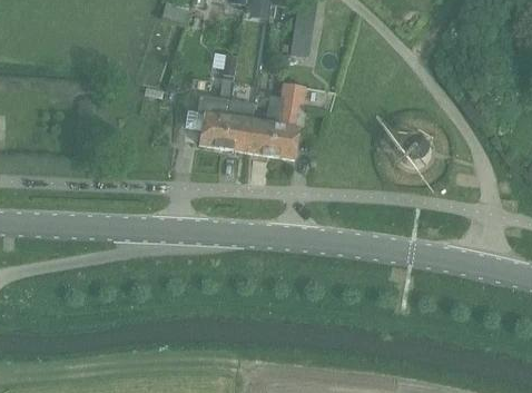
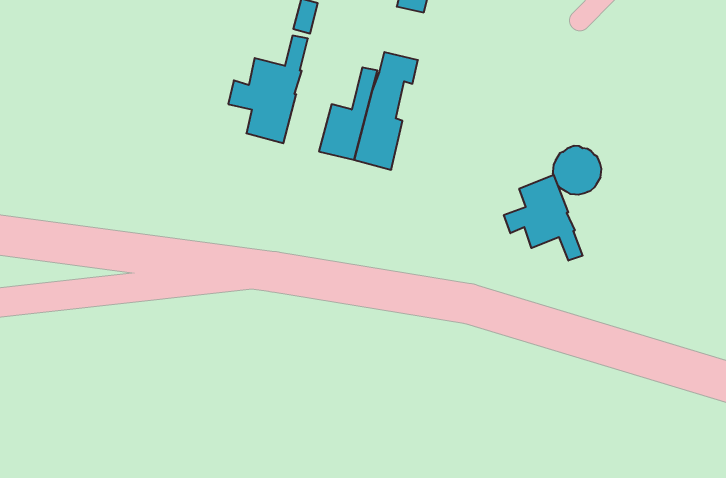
building: [224,99,255,150] -> none
building: none -> [504,175,583,261]

